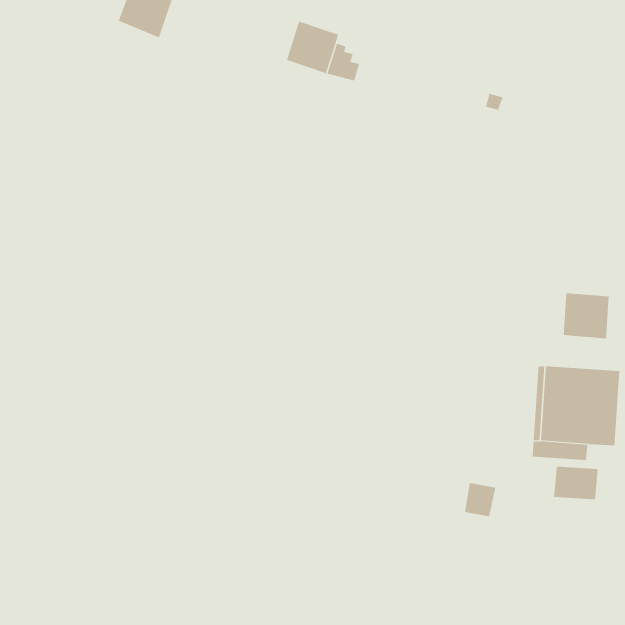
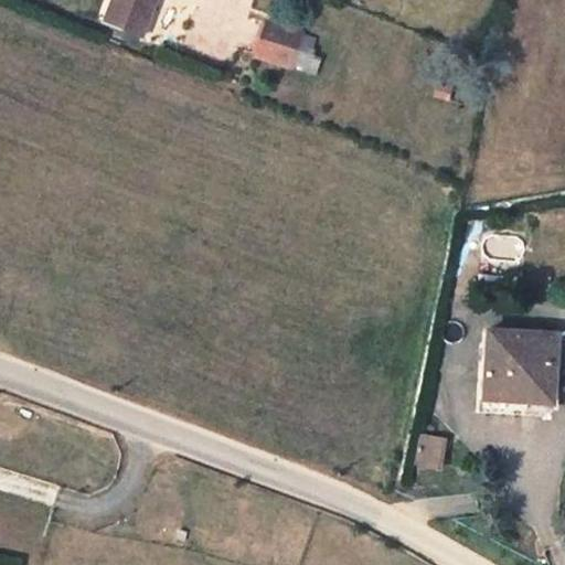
building: [563,292,609,339] -> none
building: [554,466,598,500] -> none

